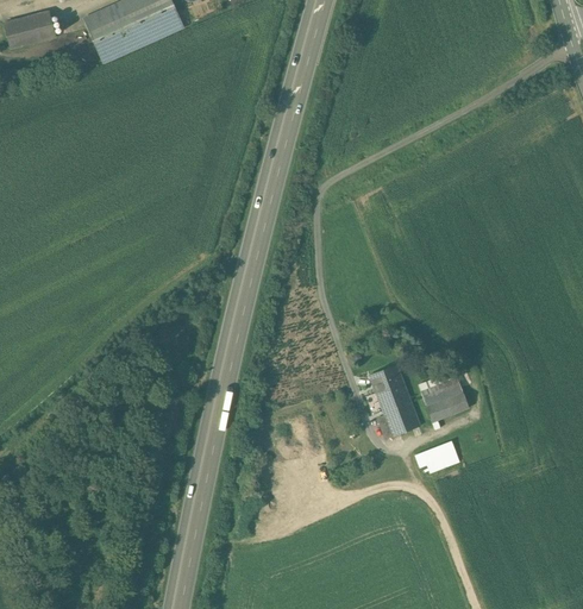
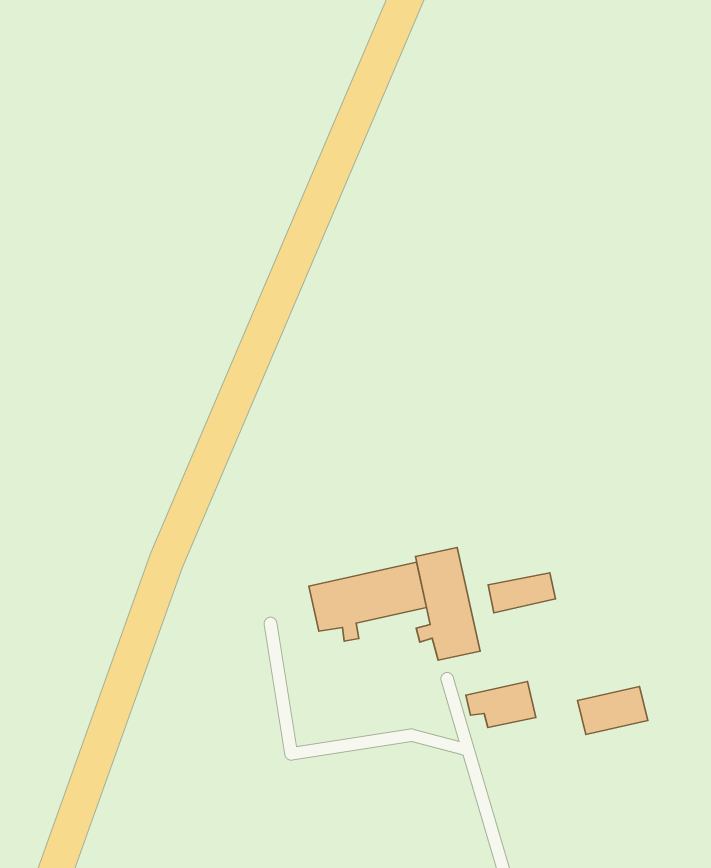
building: none -> [309,562,427,641]
building: [424,387,469,421] -> [578,687,648,734]

